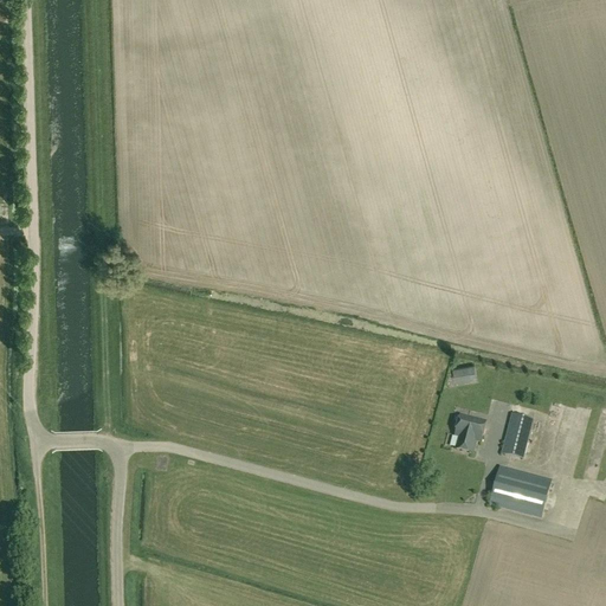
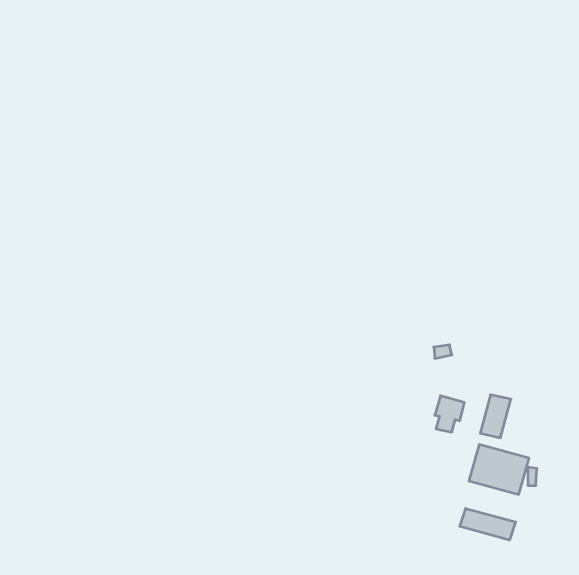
building: none -> [460,508,516,540]

